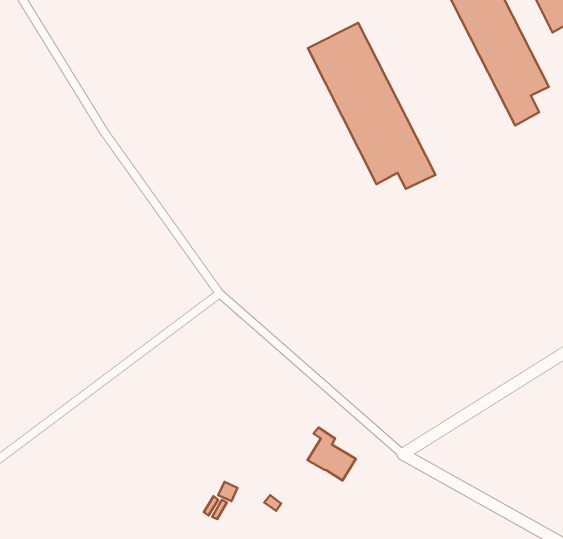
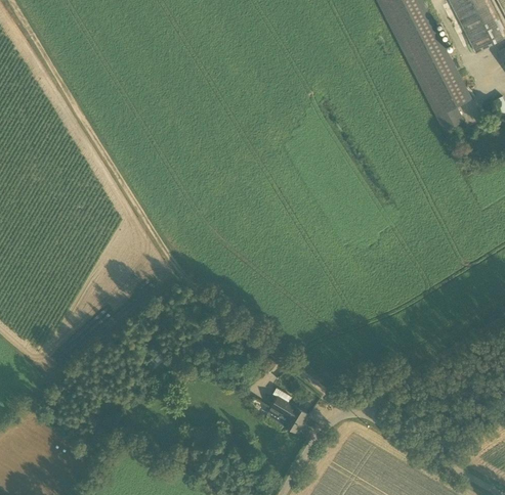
building: [308,23,435,189] -> none

